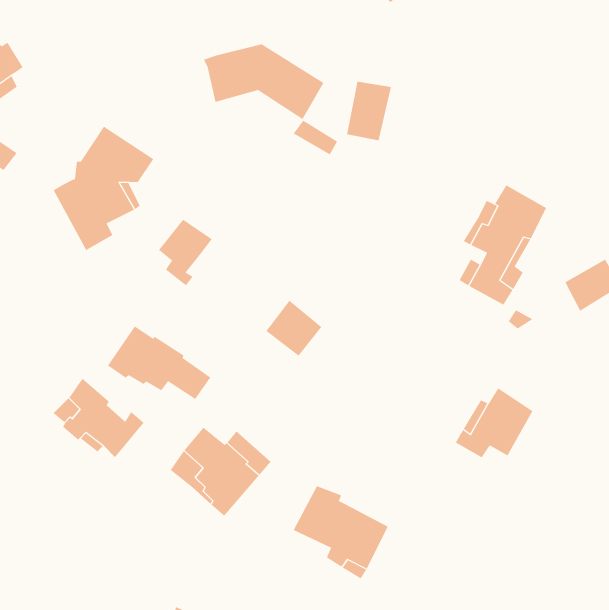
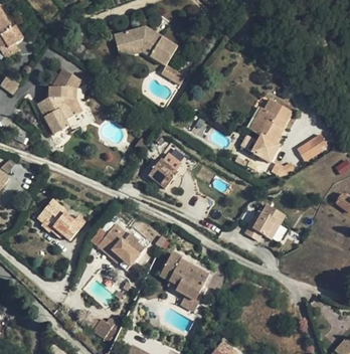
building: [346,81,392,141] -> none
building: [158,219,212,286] -> none
building: [107,325,211,400] -> none

